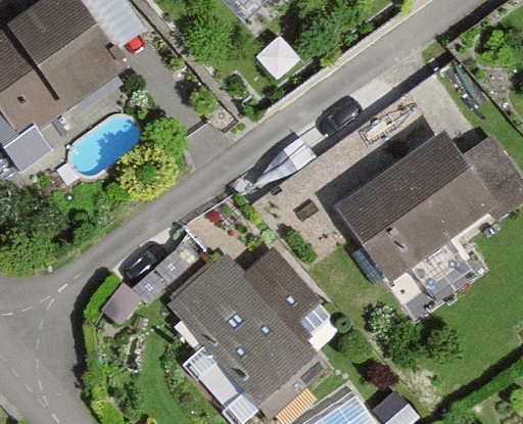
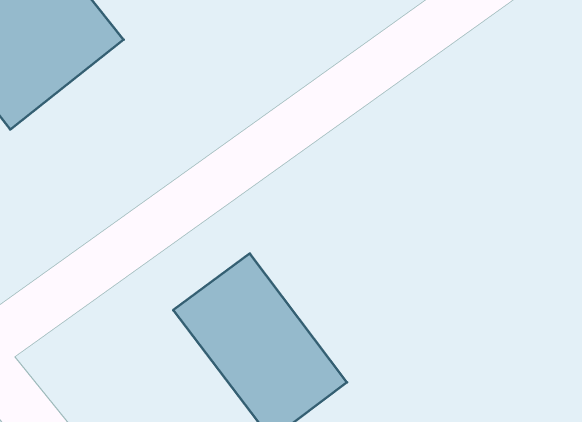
building: [337,132,496,283] -> none

